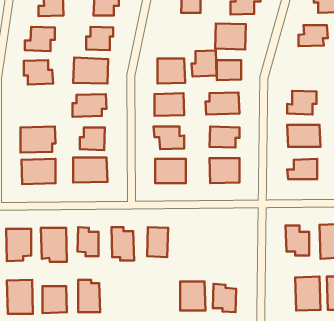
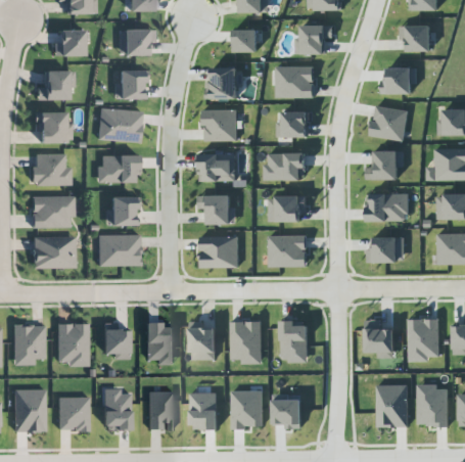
building: [192,50,217,76] -> [206,66,238,99]
building: none -> [371,105,409,141]
building: none -> [30,153,71,185]
building: none -> [281,320,309,362]
building: none -> [231,321,263,364]
building: none -> [147,390,173,429]
building: none -> [190,392,218,429]

